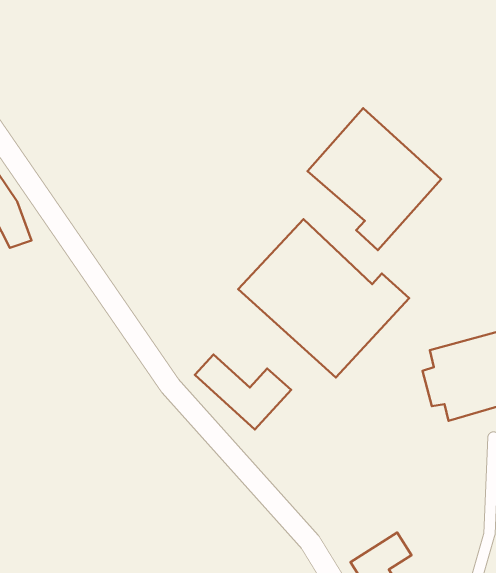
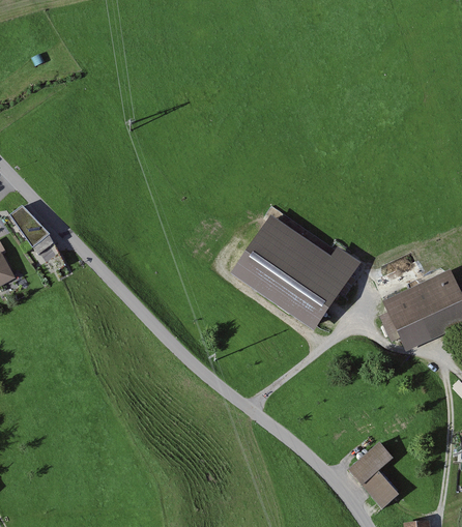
building: [307,108,441,250] -> none
building: [195,354,291,430] -> none

